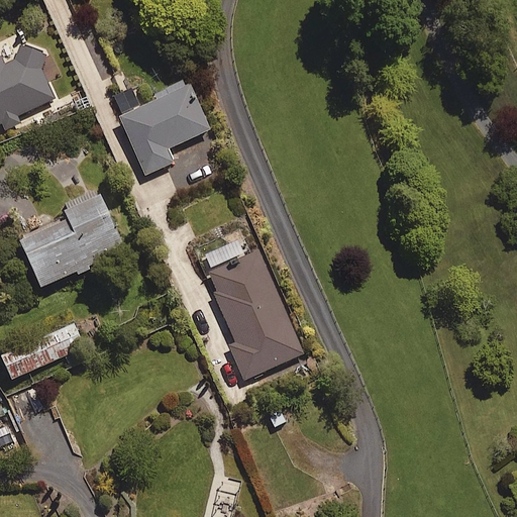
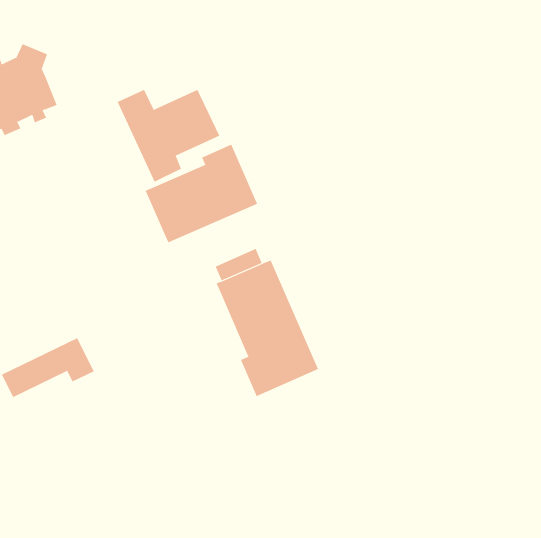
building: none -> [145,144,258,243]
building: [20,193,125,290] -> none

